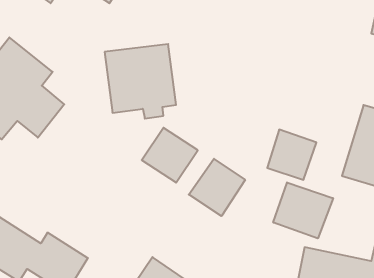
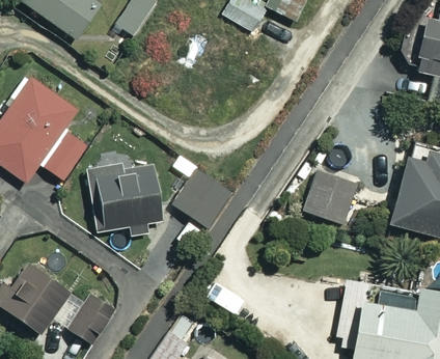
building: [105,44,176,119] -> [85,159,161,238]
building: [189,159,245,216] -> none
building: [273,182,333,238] -> none

